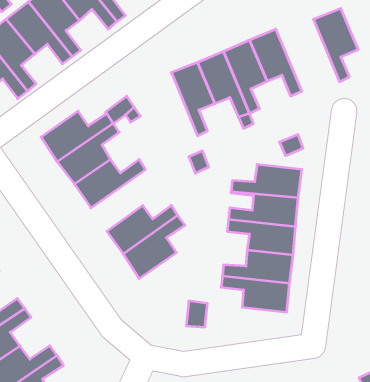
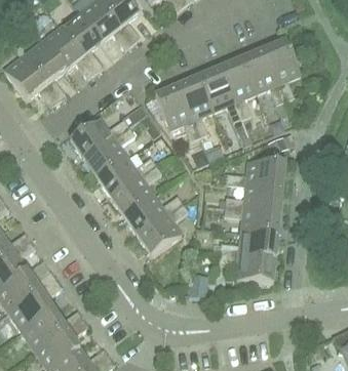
building: [313,8,358,82] -> [263,39,300,99]
building: none -> [154,84,198,139]
building: none -> [110,164,160,215]

